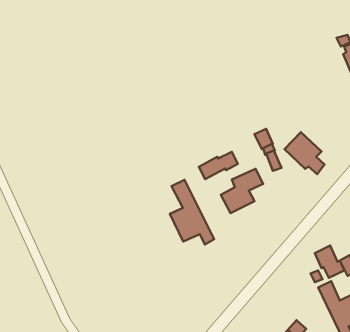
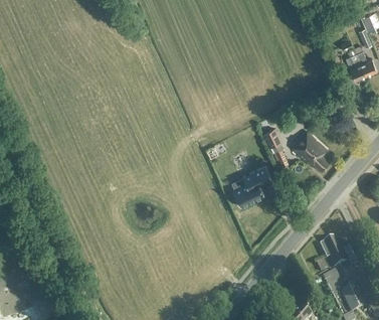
building: [199,152,238,179] -> none
building: [170,180,214,244] -> none

